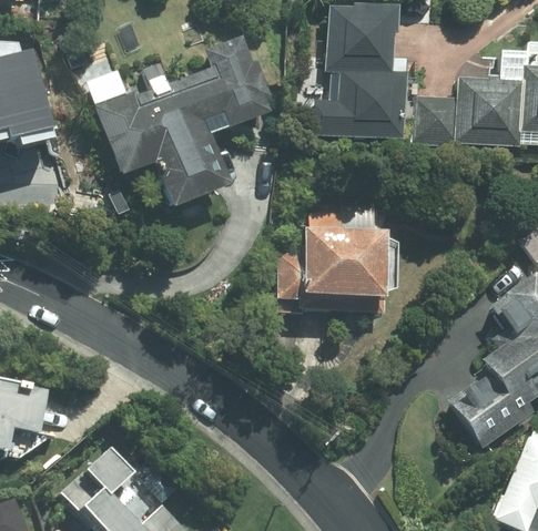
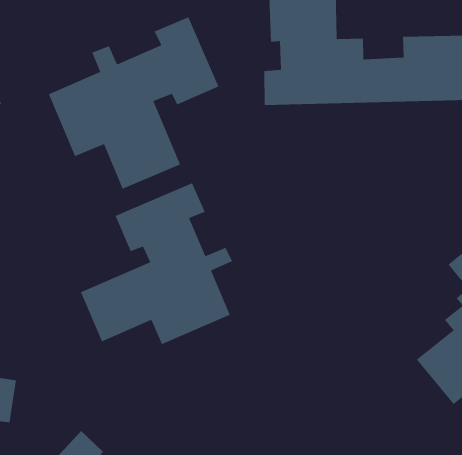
building: none -> [80,182,233,345]
building: [281,227,387,310] -> none

